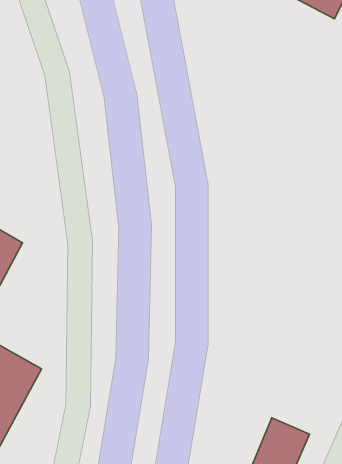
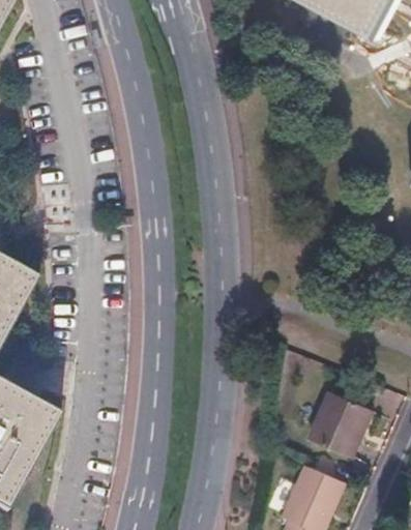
building: none -> [309,392,372,459]

